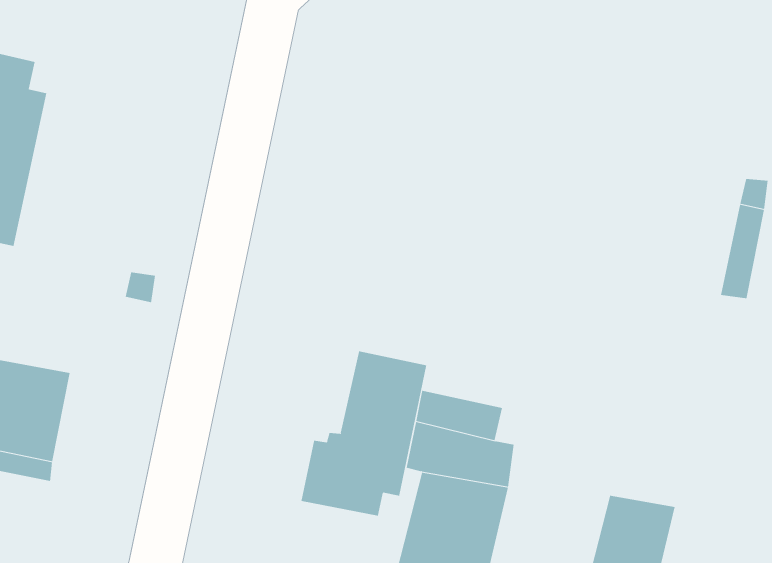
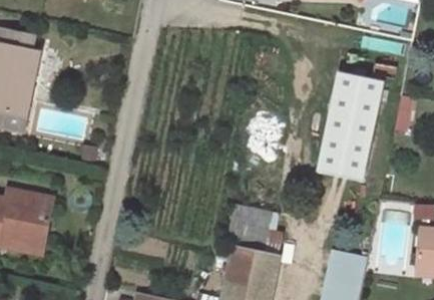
building: none -> [318,72,382,180]
building: [301,350,427,517] -> none

